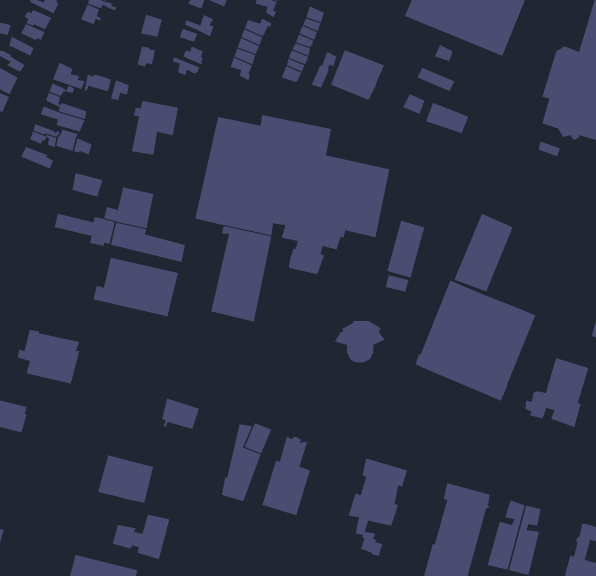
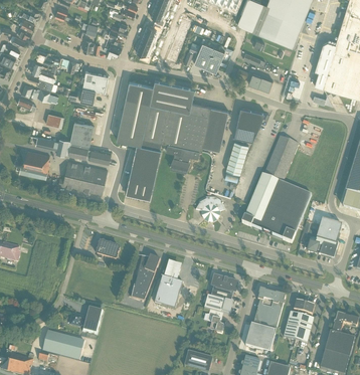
building: none -> [233,105,264,139]
building: [17,330,80,384] -> [13,146,49,177]
building: [97,455,154,503] -> none

